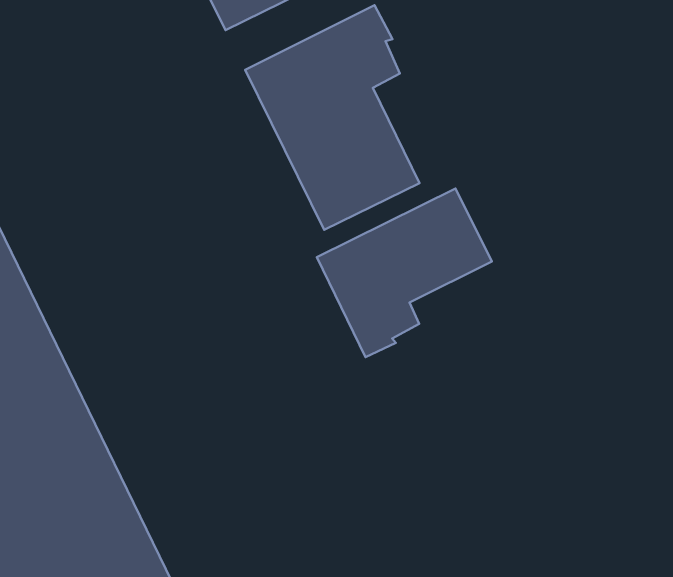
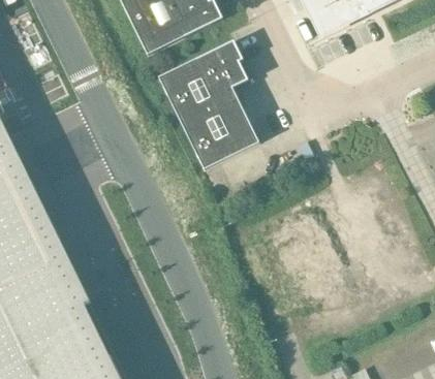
building: [317,188,492,357] -> none

